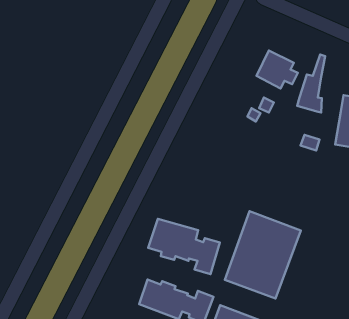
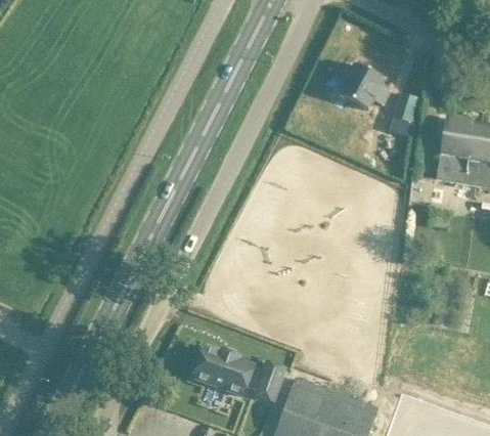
building: [225,211,301,299] -> none
building: [148,219,220,274] -> none

